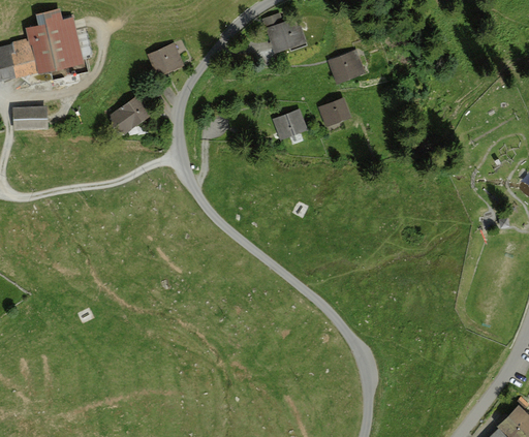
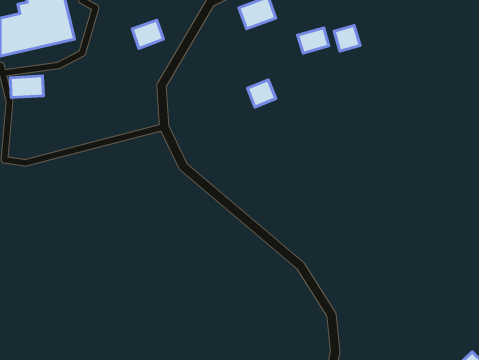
building: none -> [334,26,360,51]
building: [106,96,152,135] -> none
building: [322,98,351,124] -> none

